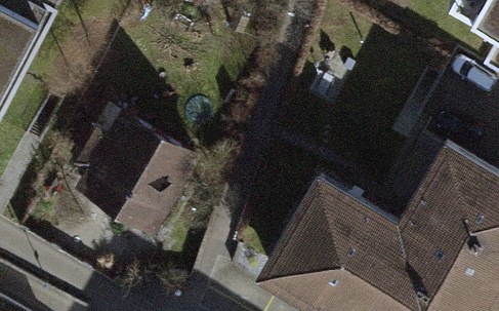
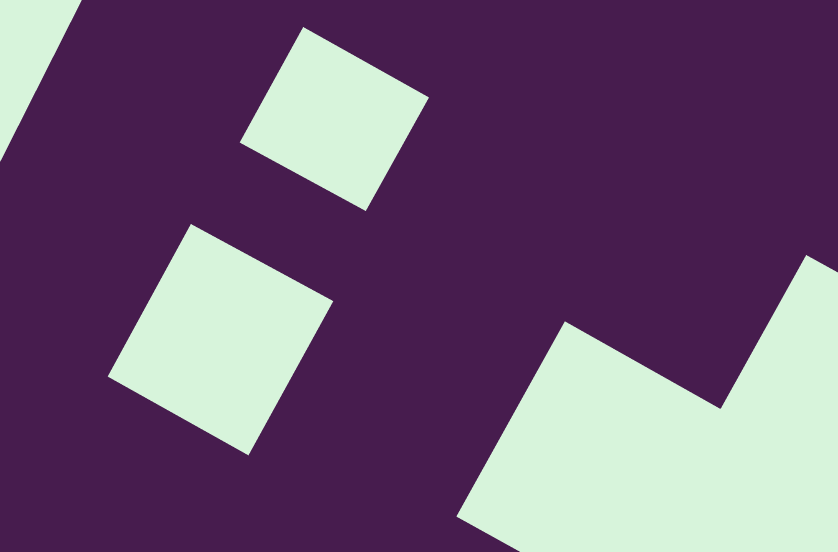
building: none -> [238,26,430,212]

